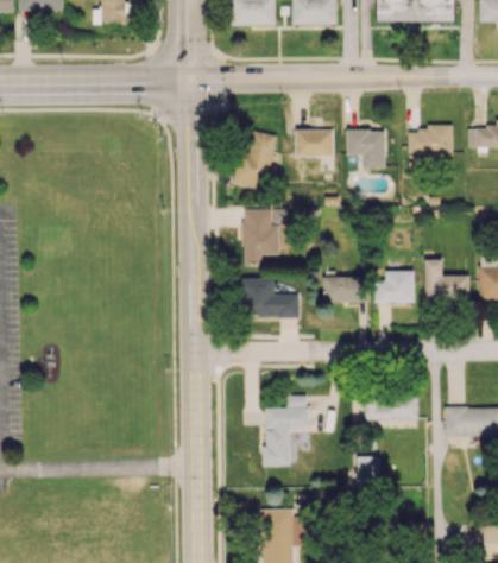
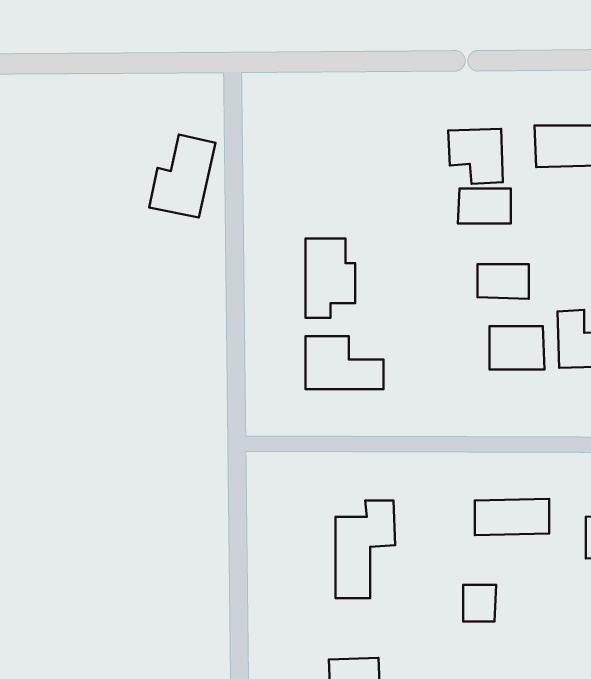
building: [233,131,280,190] -> [149,135,215,218]
building: [295,131,333,156] -> [458,189,511,223]
building: [323,277,360,302] -> [477,264,529,299]

